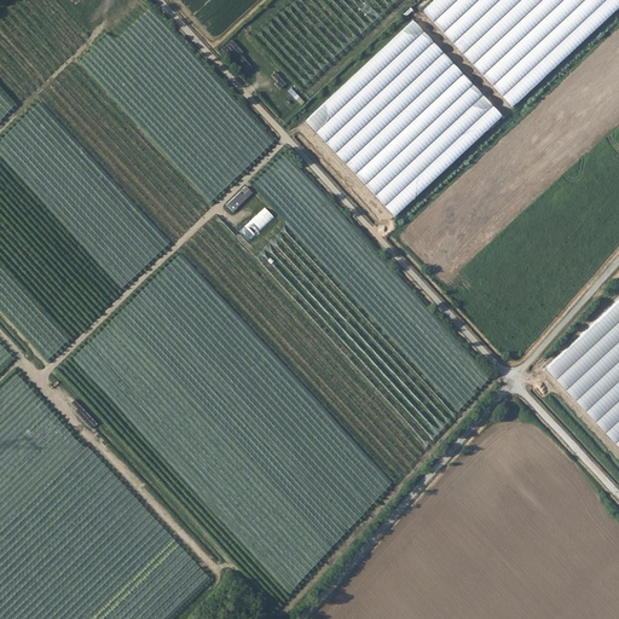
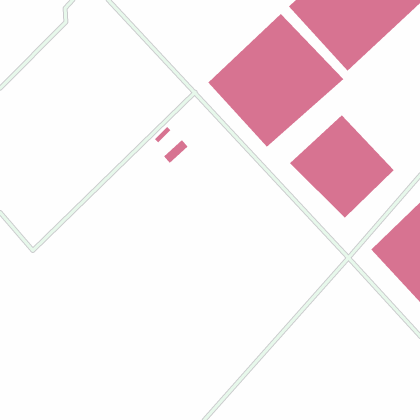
building: none -> [289,115,394,218]

